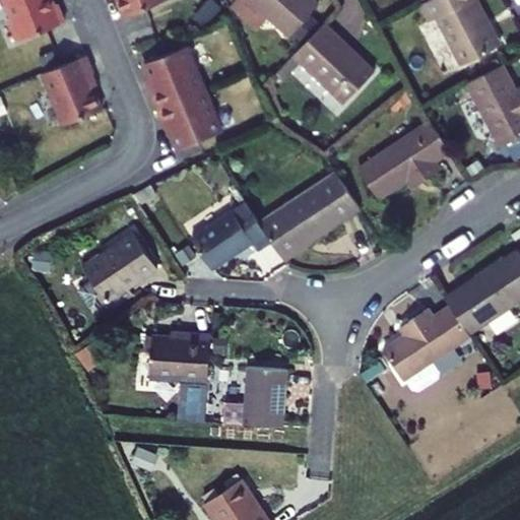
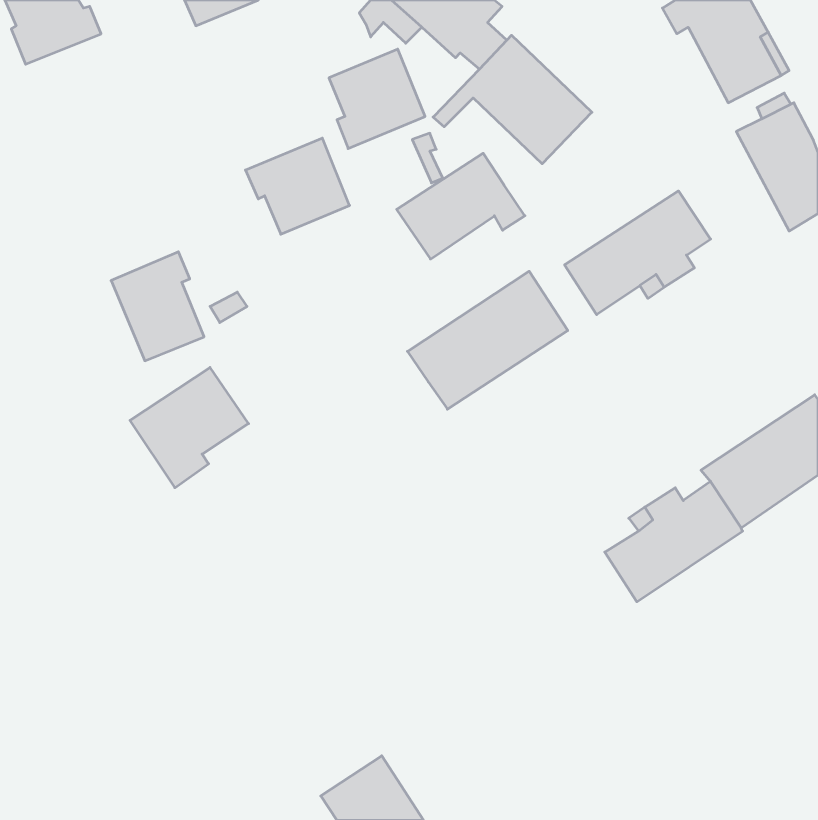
building: [143,45,204,108] -> [329,49,425,149]
building: [42,55,101,124] -> [111,252,204,361]
building: [190,202,271,269] -> [397,153,525,259]
building: [149,334,210,421] -> none
building: [223,367,286,427] -> none

